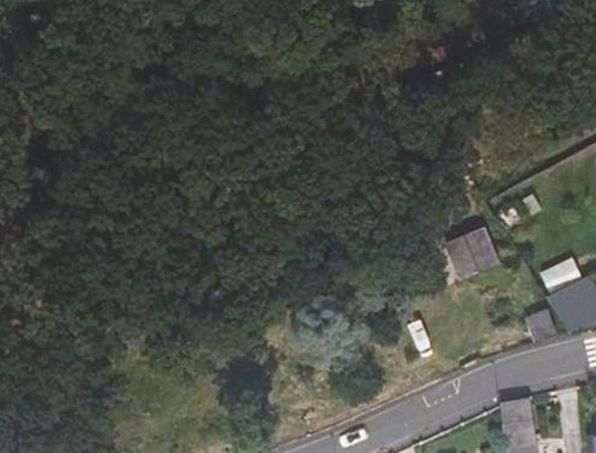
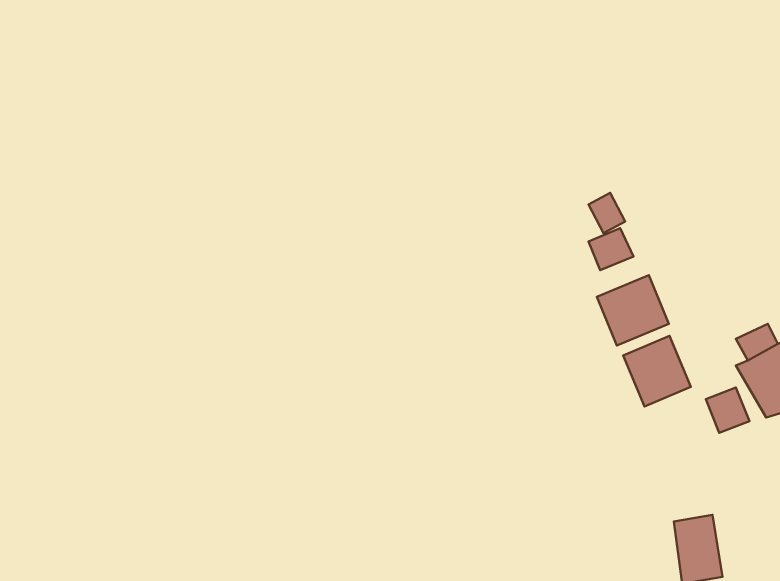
building: none -> [623,336,691,406]

